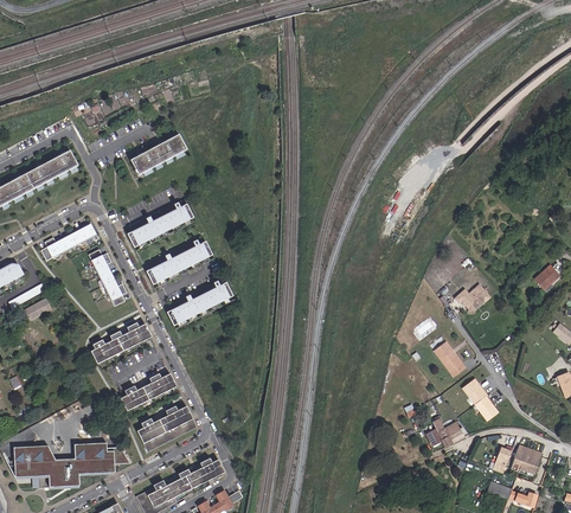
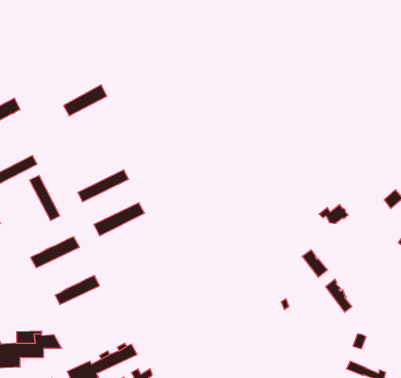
building: [129,203,195,246] -> none
building: [136,405,197,450] -> none
building: [425,416,463,447] -> none
building: [509,444,543,476] -> none

